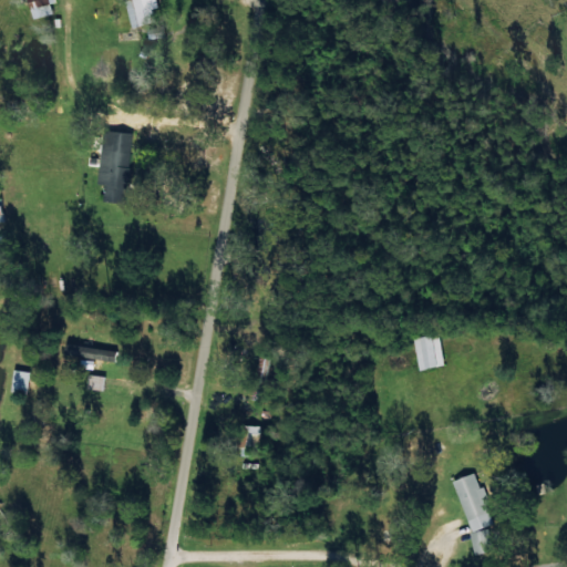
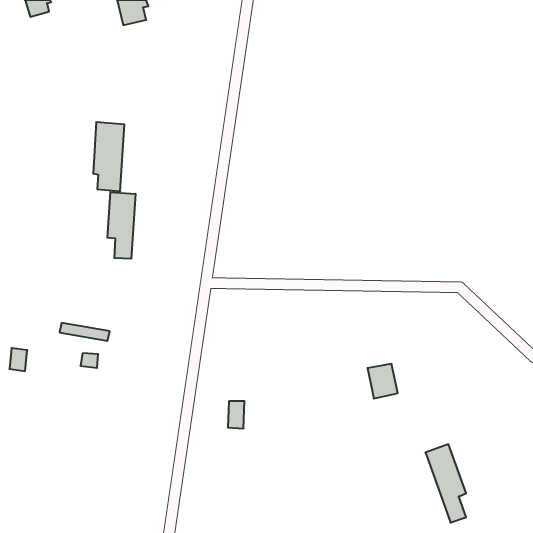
building: none -> [107,192,135,259]
building: [412,333,444,370] -> [367,364,398,398]

